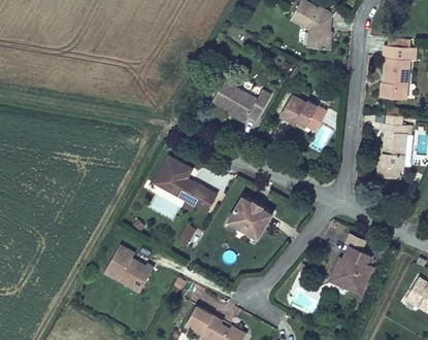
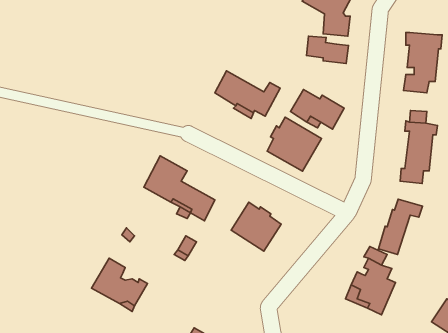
building: none -> [306,36,349,64]
building: none -> [267,117,321,171]
building: none -> [378,199,422,255]

